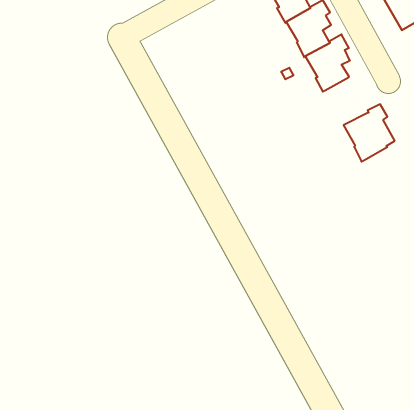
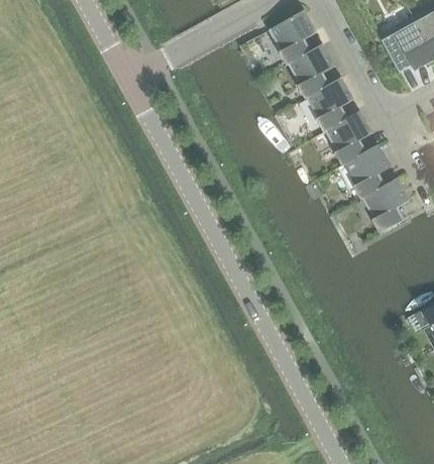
building: none -> [326,109,369,164]
building: none -> [363,177,406,232]

